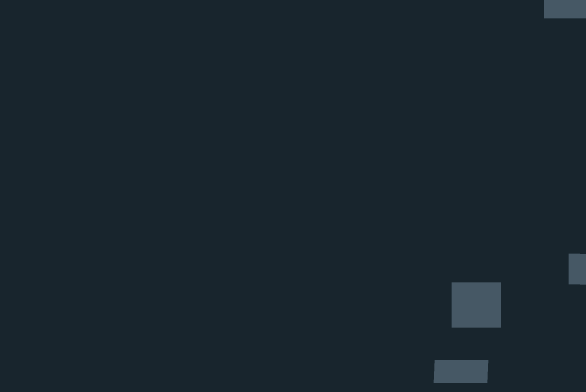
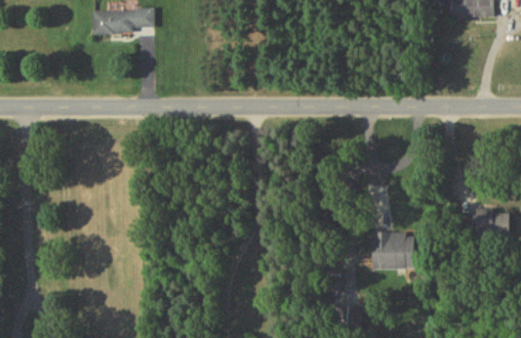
building: none -> [93,10,154,32]
building: [433,359,489,384] -> none

